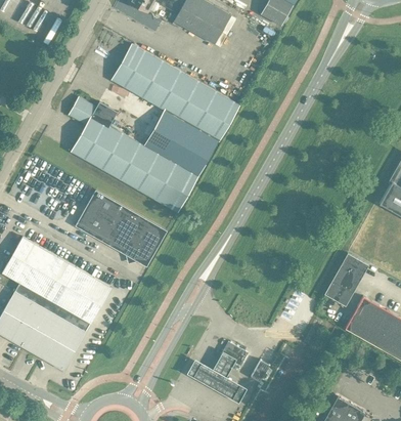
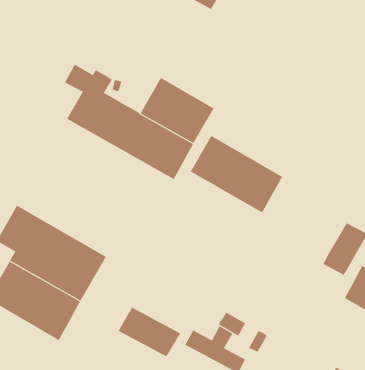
building: [110,44,238,141] -> none
building: [75,191,167,267] -> [190,135,283,213]
building: none -> [118,307,181,357]

